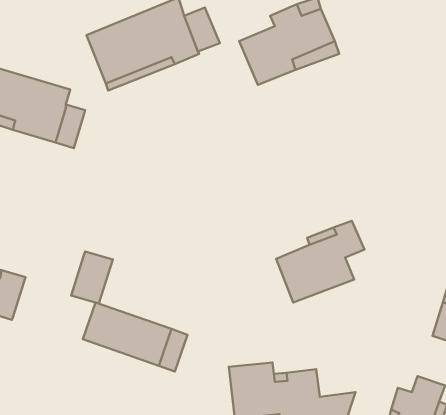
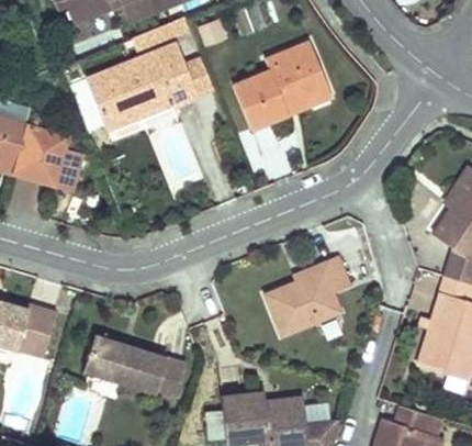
building: [71,252,113,303] -> [15,308,55,357]

